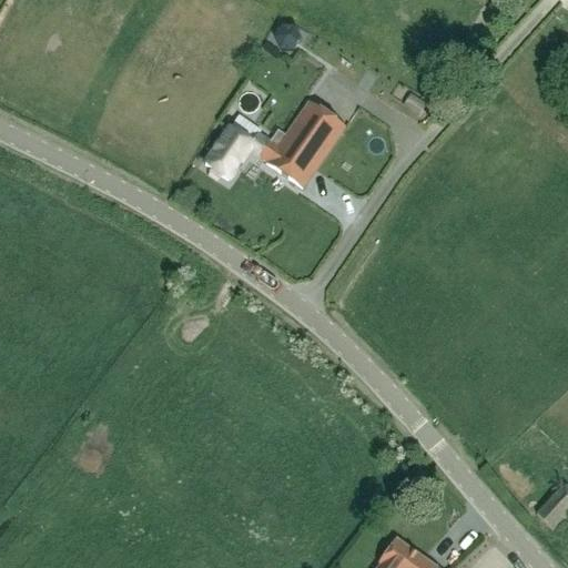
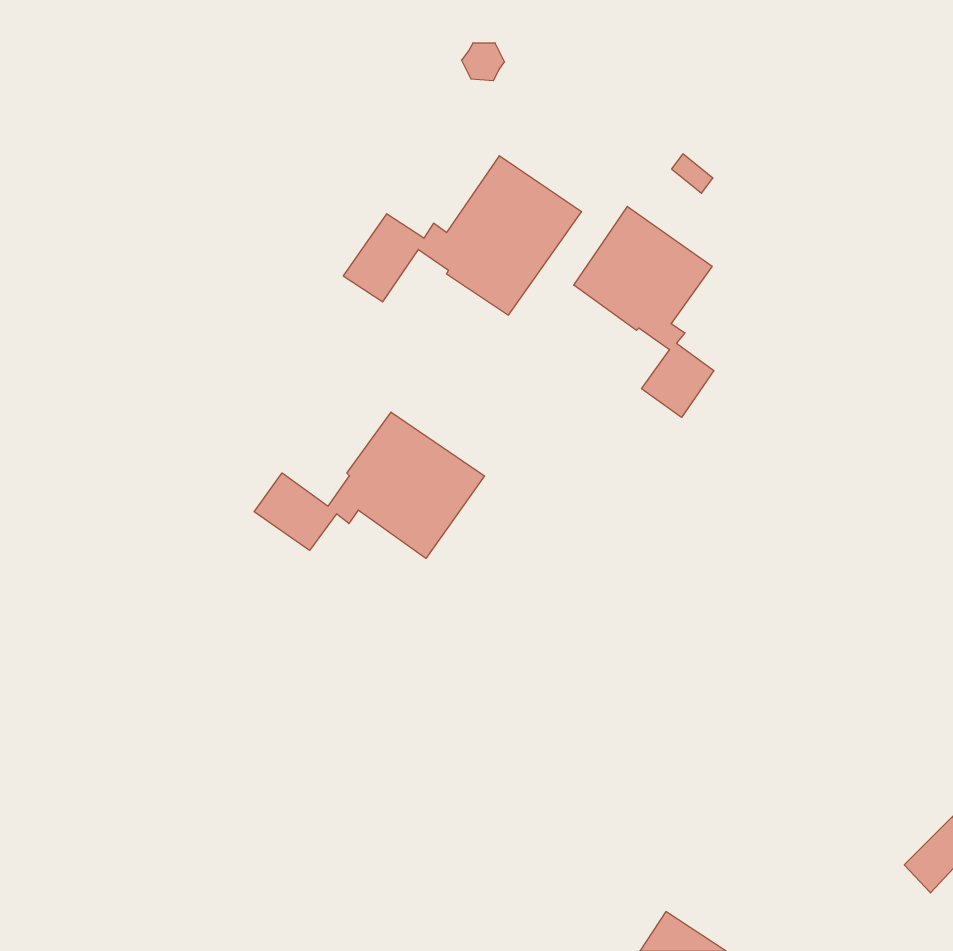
building: none -> [574,206,714,417]
building: none -> [254,412,484,558]

